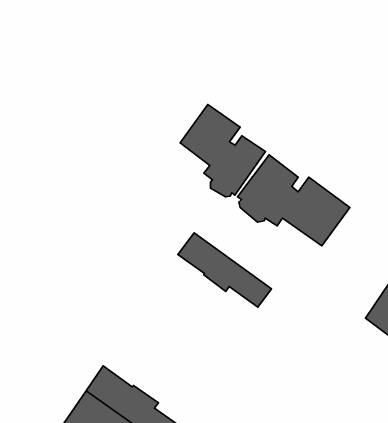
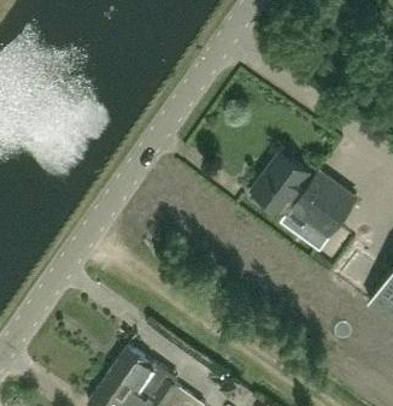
building: [180,104,265,197] -> none
building: [178,233,271,307] -> none

